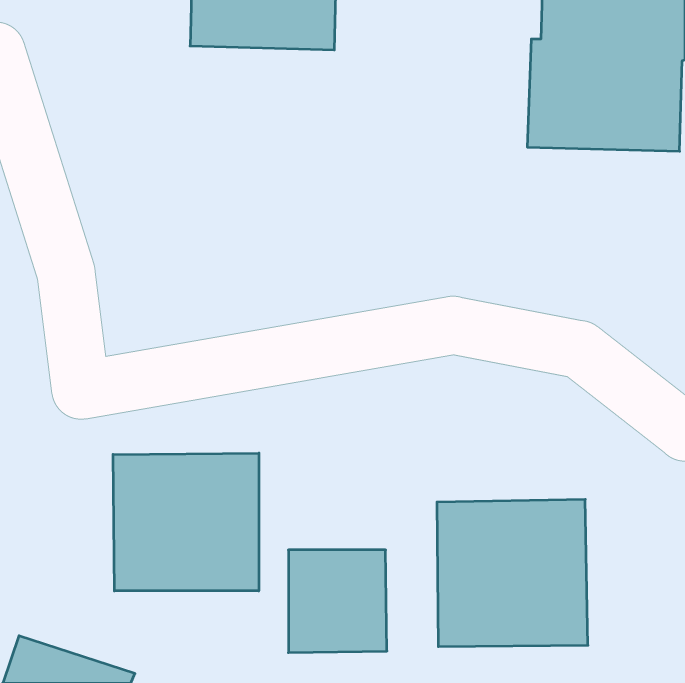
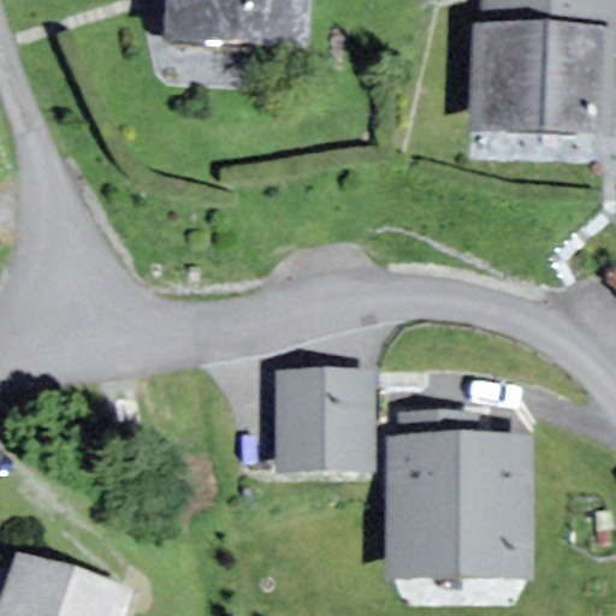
building: [113,453,259,591] -> none
building: [288,550,387,653] -> [278,377,366,468]

